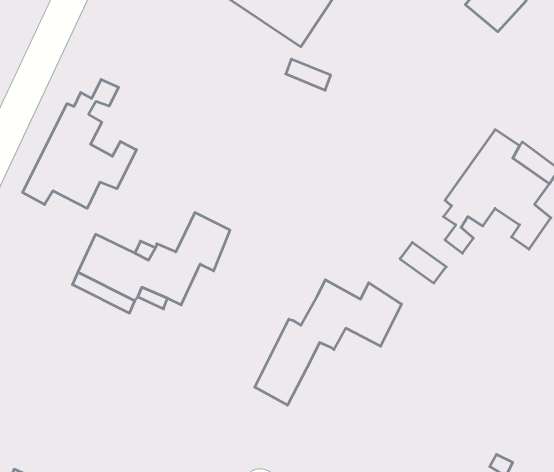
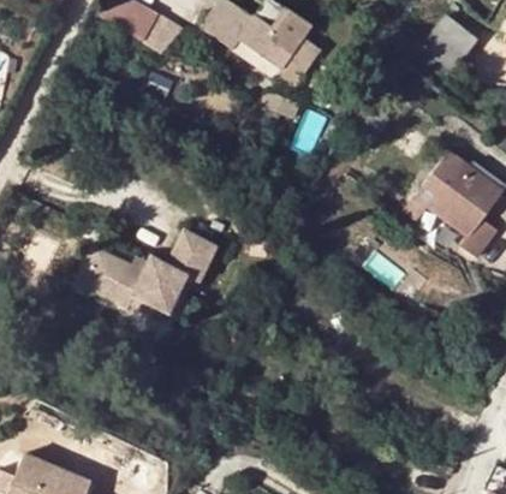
building: [23,79,137,208] -> none
building: [255,280,402,405] -> none

